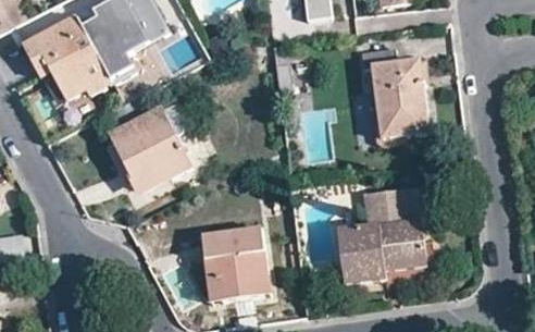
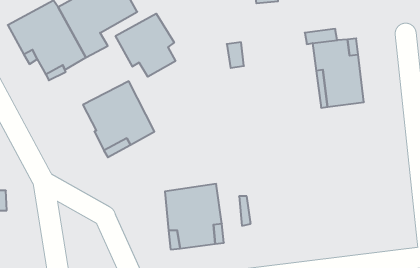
building: none -> [116,14,175,77]
building: [337,185,424,284] -> none

